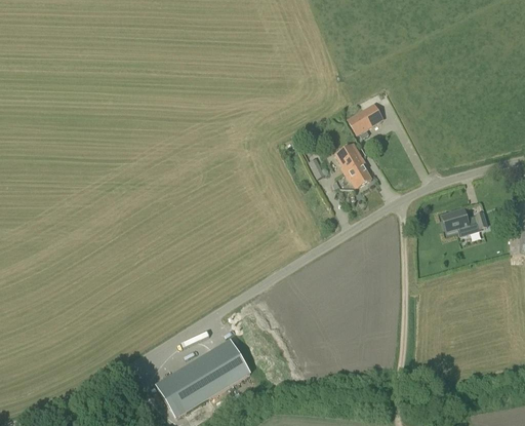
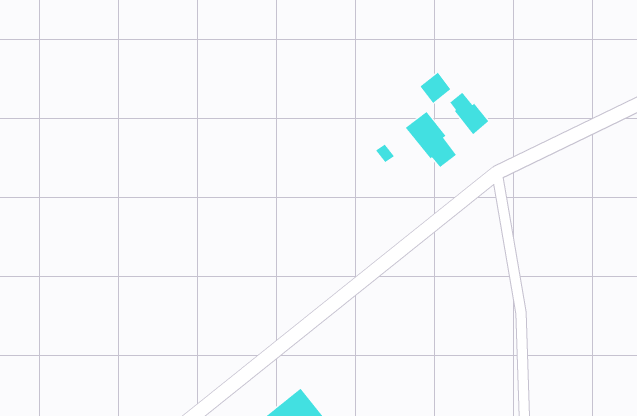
building: none -> [449,92,489,135]
building: [442,205,488,232] -> none

